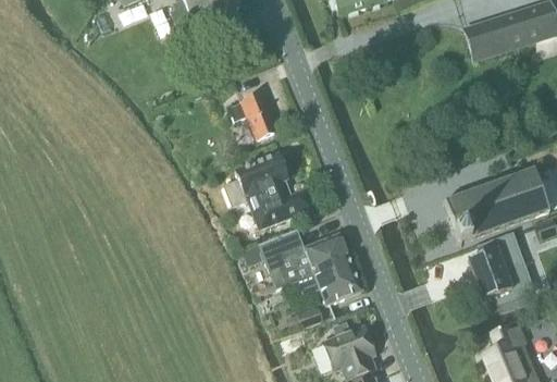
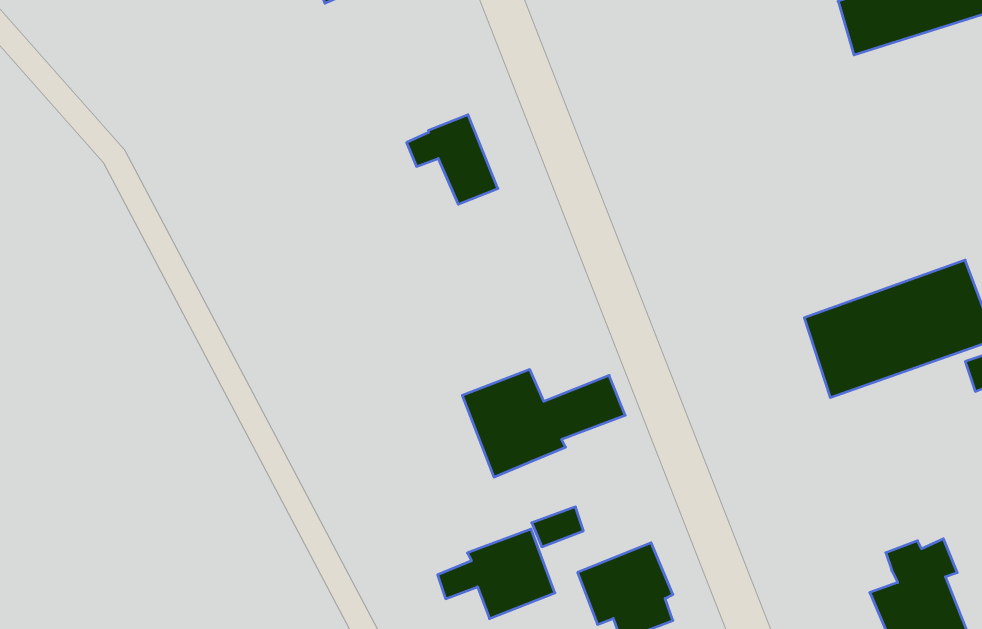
building: [226,152,313,226] -> none
building: [469,232,537,307] -> none
building: [298,255,362,304] -> [438,529,555,619]

